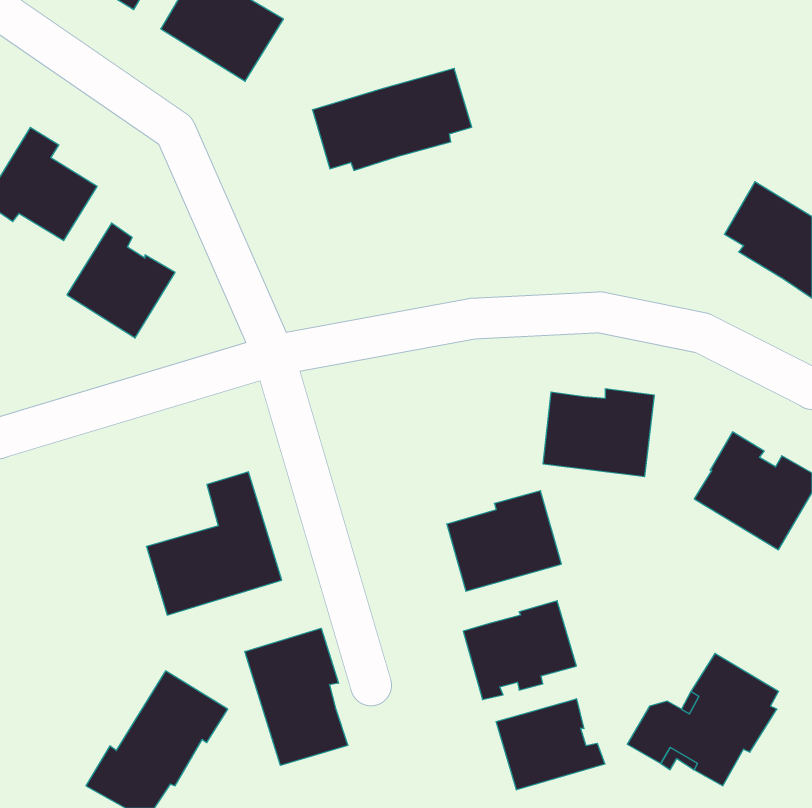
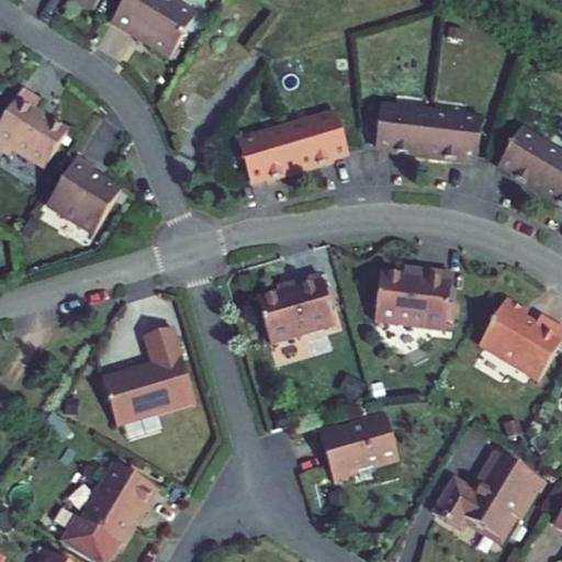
building: [312,68,472,170] -> [237,110,347,180]
building: none -> [374,103,481,160]
building: [447,491,561,591] -> [256,273,335,342]
building: [245,628,348,765] -> none
building: [496,699,605,790] -> none

